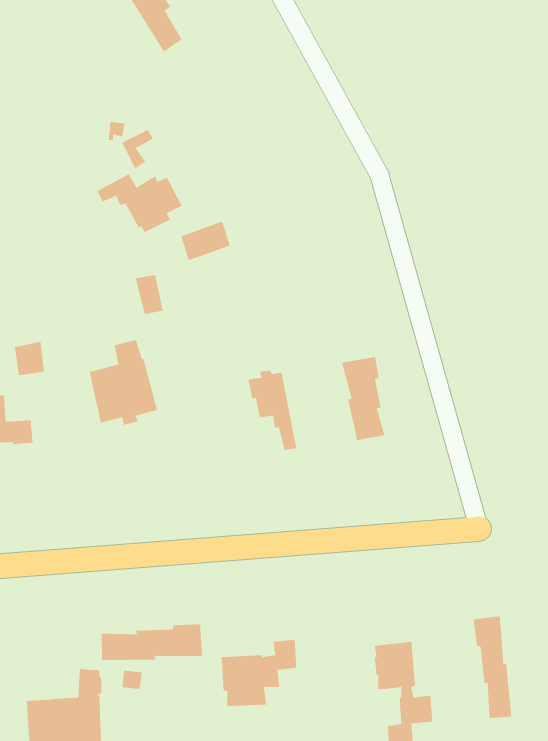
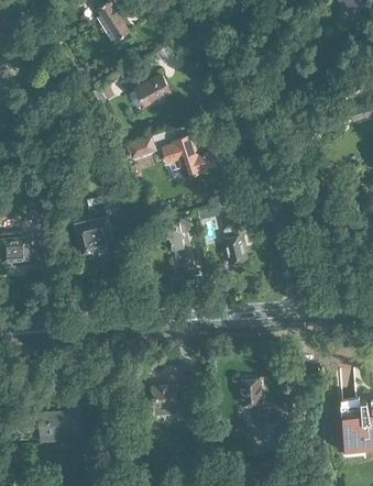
building: [97,173,183,233] -> [120,74,169,108]
building: none -> [162,137,212,179]
building: [473,615,512,719] -> none
building: [101,624,202,661] -> none

